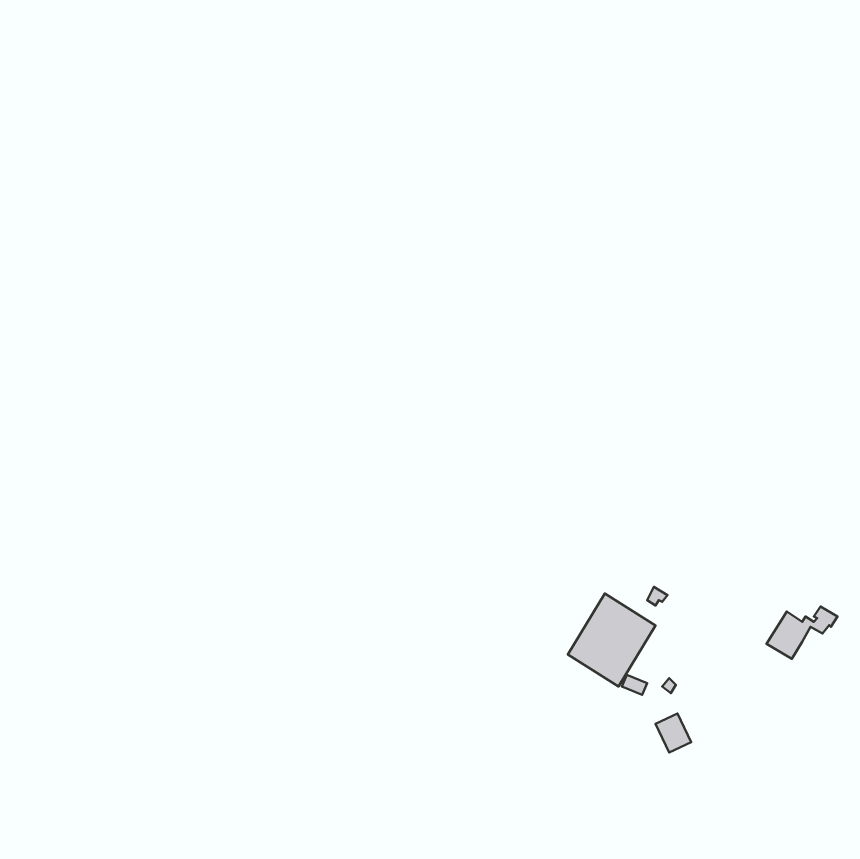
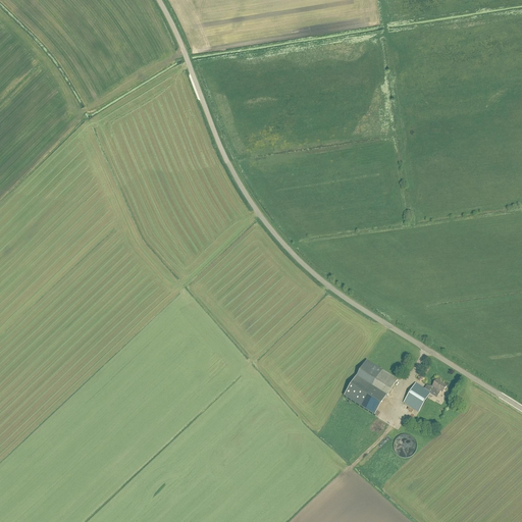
building: [767,606,838,659] -> [402,378,445,410]

